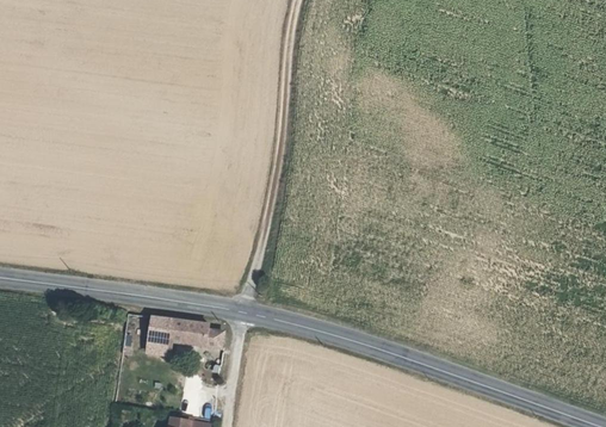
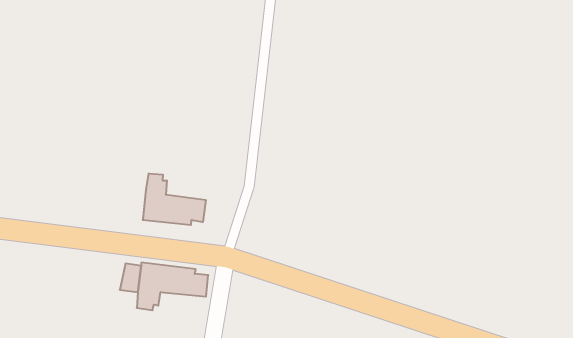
building: none -> [143,173,206,225]

